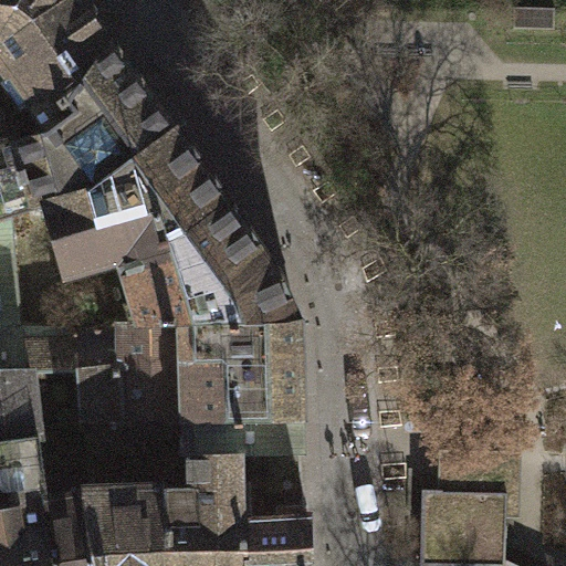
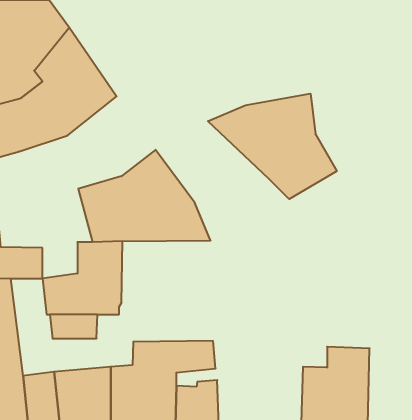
building: none -> [208,94,337,199]
building: [25,135,207,277] -> none
building: [158,326,283,461] -> none

